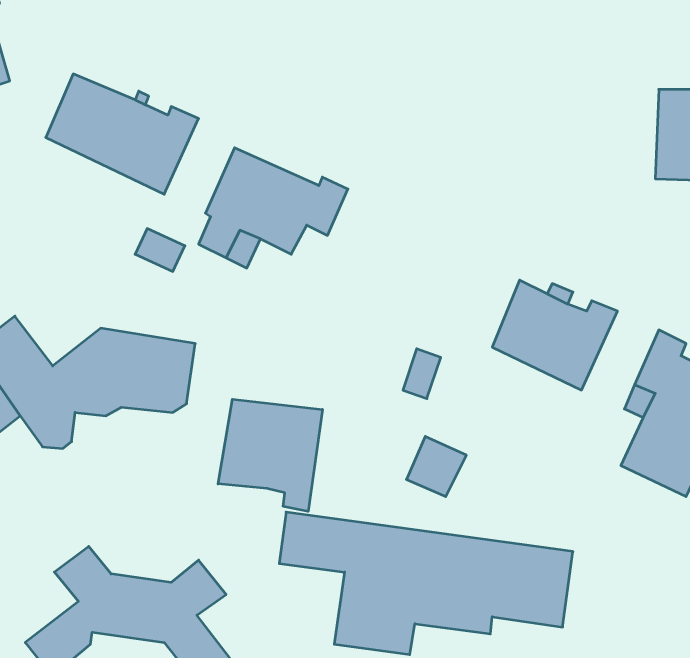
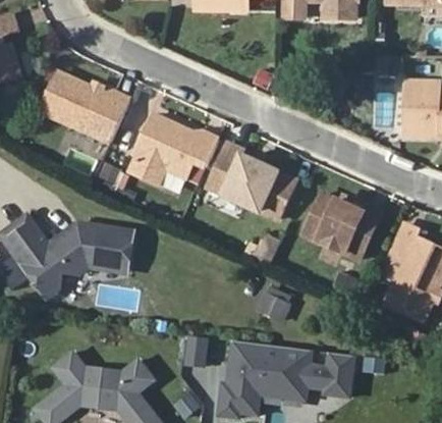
building: none -> [210,144,298,220]
building: [218,399,322,511] -> none

